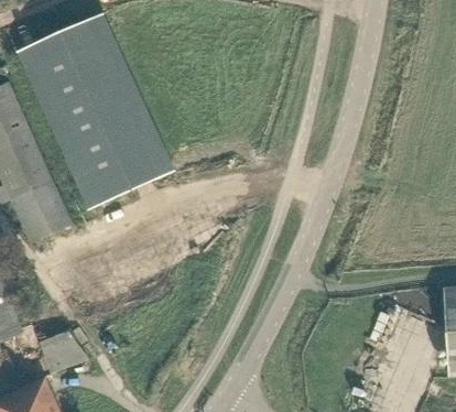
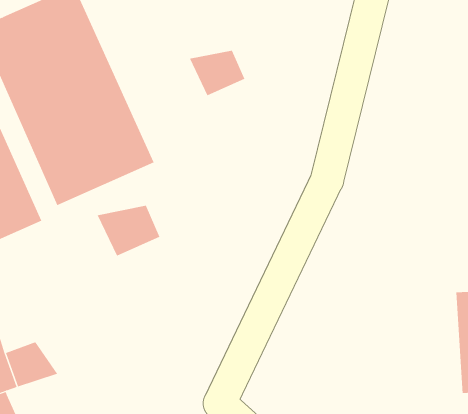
building: none -> [189,50,245,96]
building: none -> [97,205,160,256]

